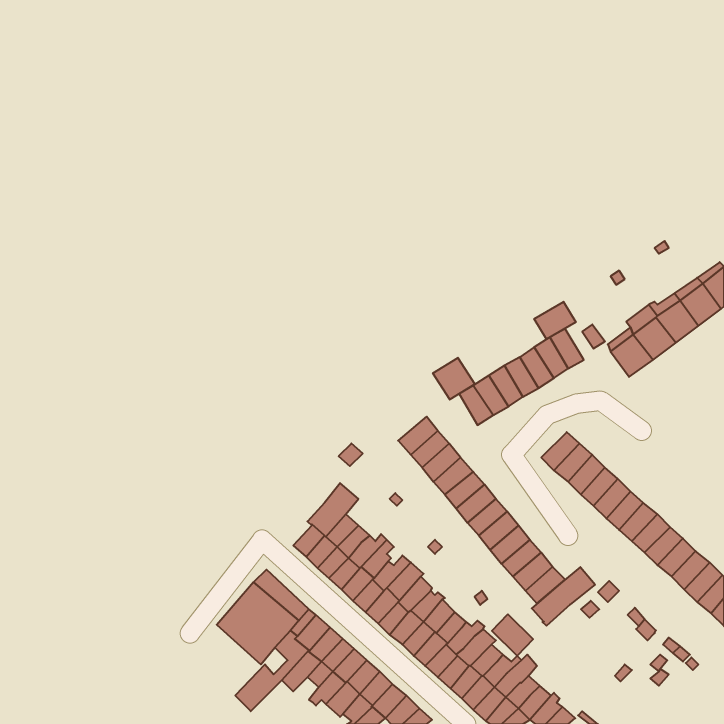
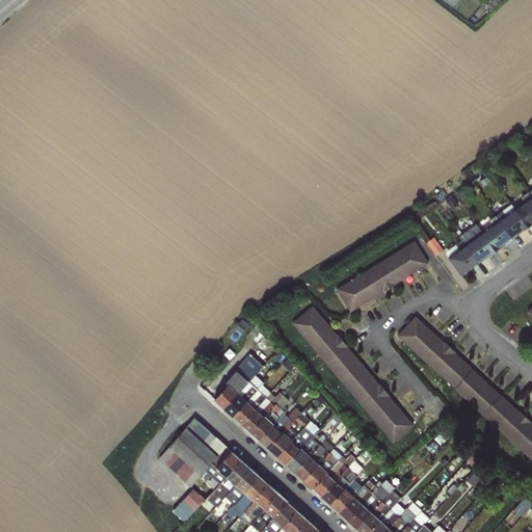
building: [534,302,576,339] -> none
building: [433,358,475,400] -> none
building: [532,567,595,626] -> none
building: [492,614,533,656] -> none

